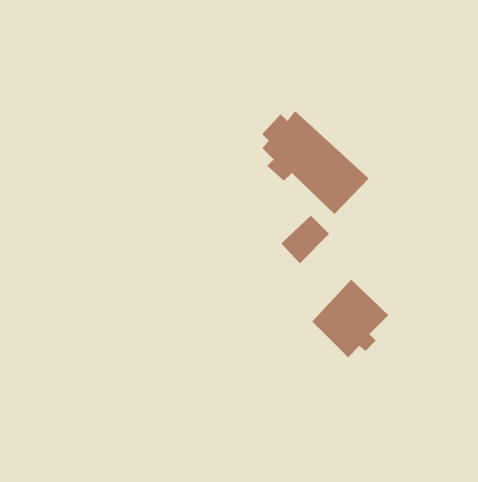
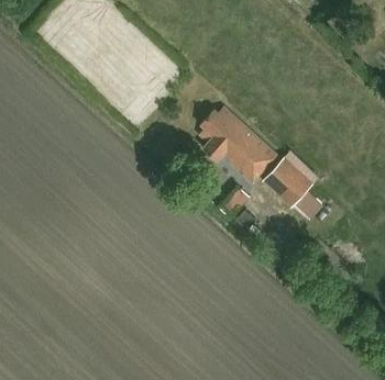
building: [312,279,389,358] -> [264,153,318,208]

